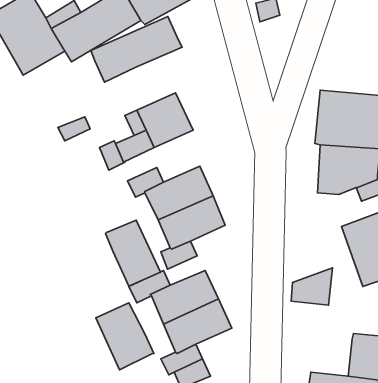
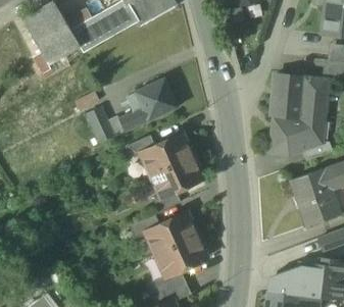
building: [91,17,182,82] -> none
building: none -> [87,107,114,143]
building: [106,220,161,286] -> none
building: [291,268,332,305] -> [268,265,300,294]
building: [96,303,154,370] -> none

